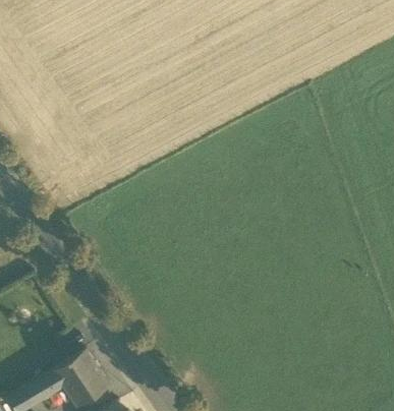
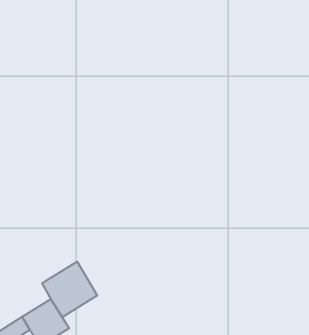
building: none -> [42,262,97,317]

